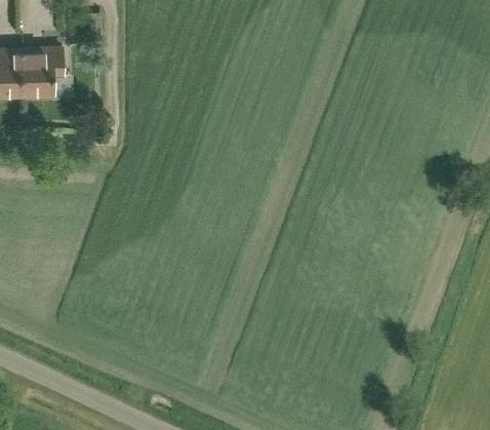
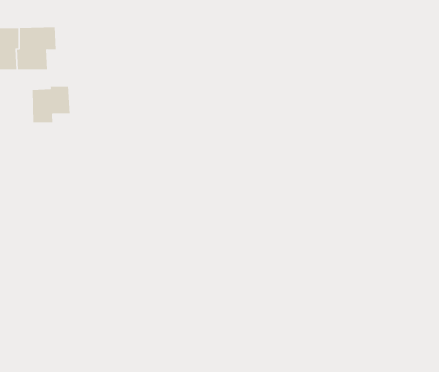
building: none -> [32,86,70,123]

